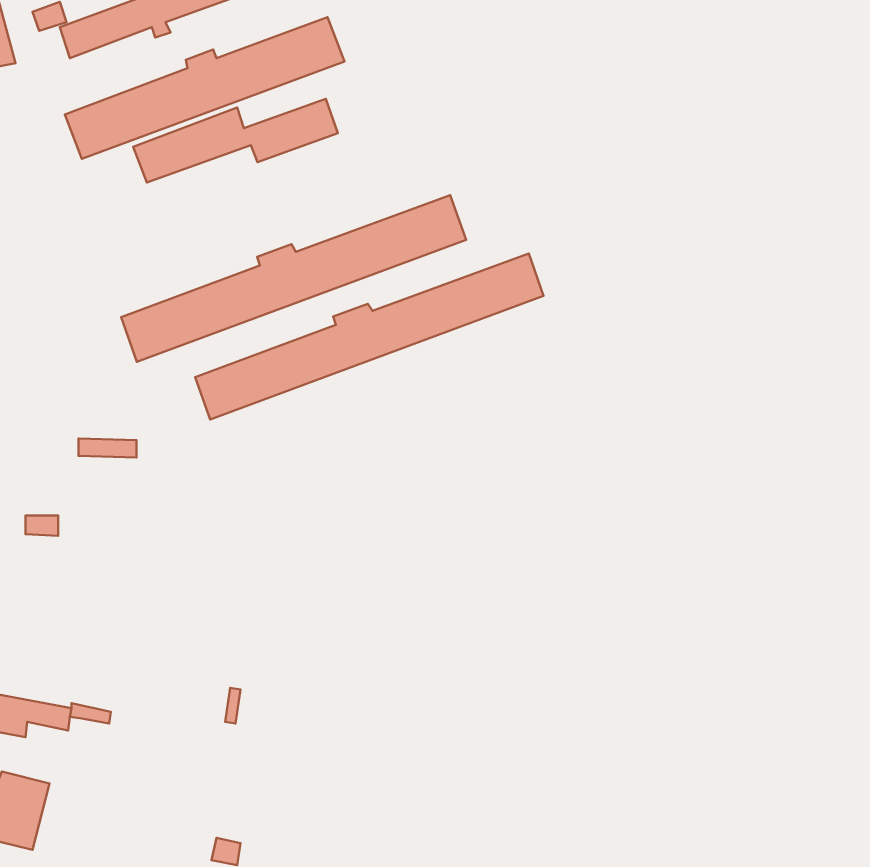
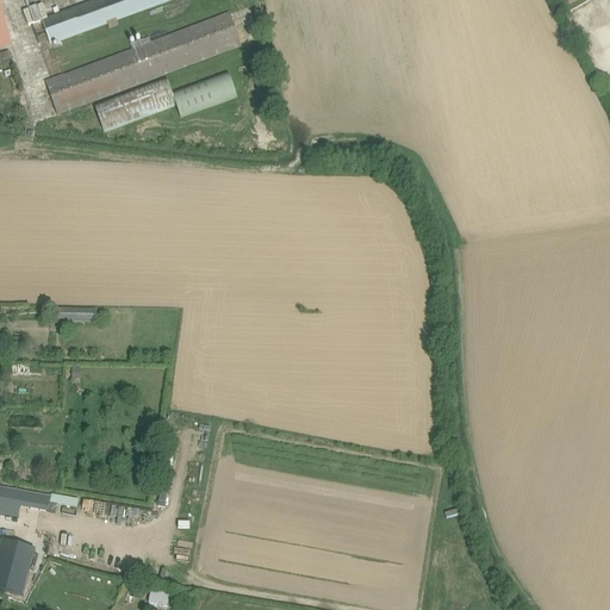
building: [121,195,466,362] -> none
building: [195,254,544,419] -> none

